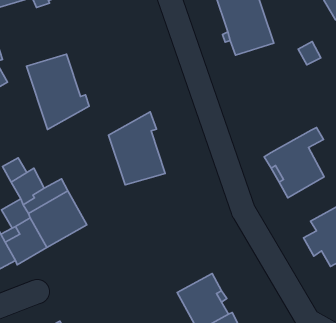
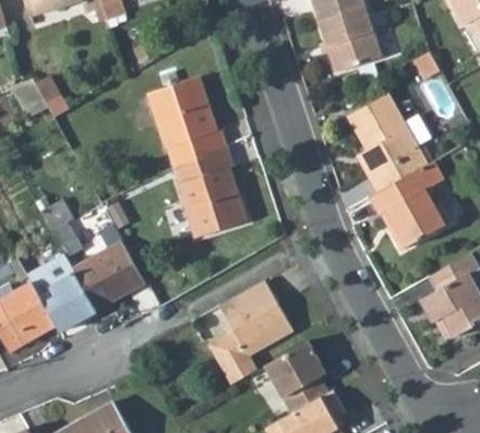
building: [26,54,89,130] -> [148,76,227,171]
building: none -> [346,92,429,193]
building: none -> [209,282,293,385]

